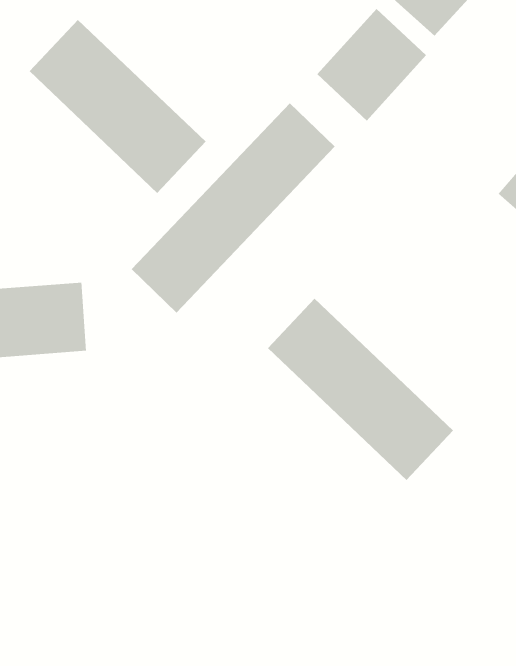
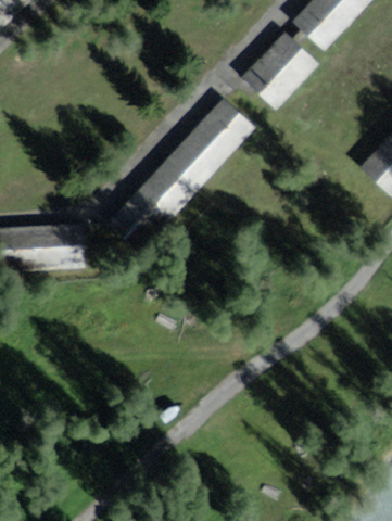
building: [29,19,207,194] -> none
building: [267,298,454,481] -> none

